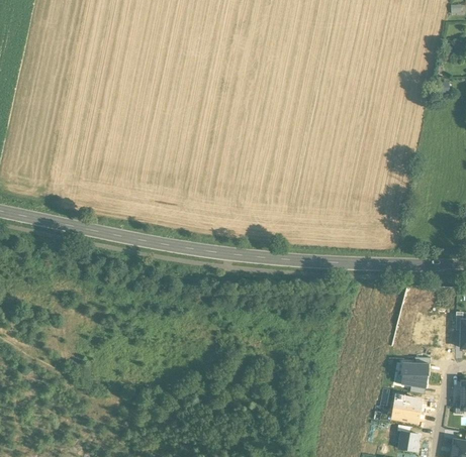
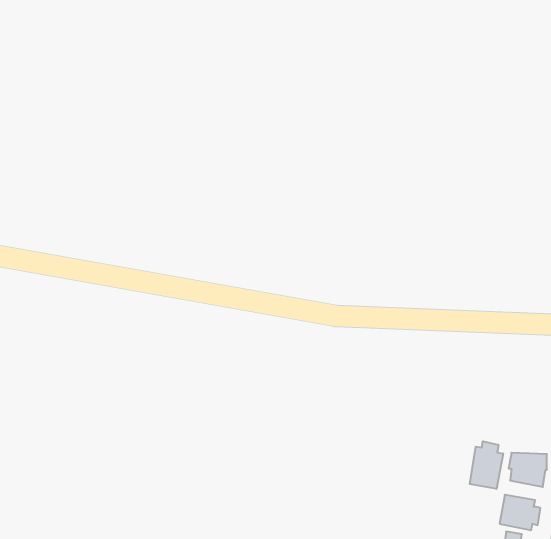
building: none -> [470,441,503,489]

